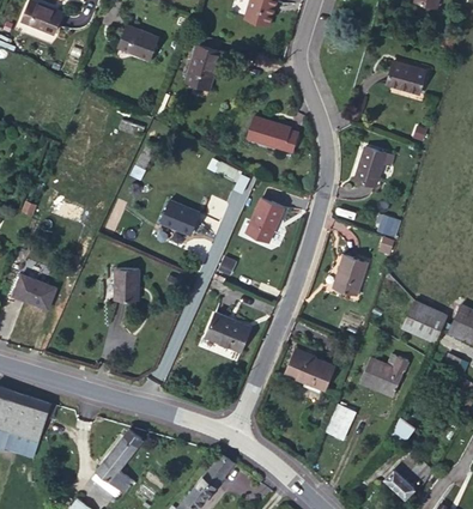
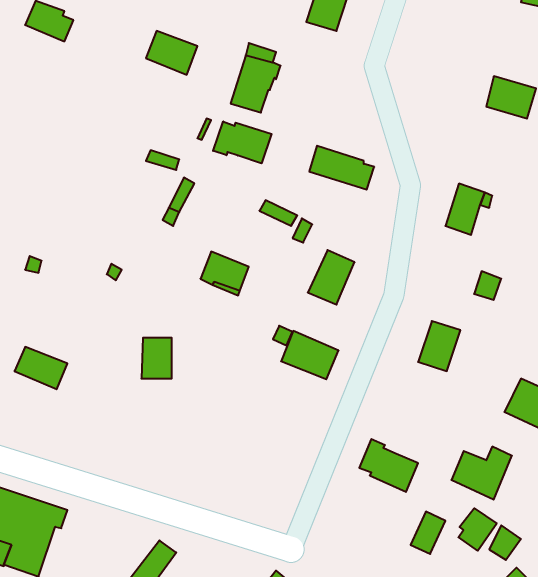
building: none -> [213,121,272,163]
building: [205,313,250,351] -> [281,331,339,379]
building: none -> [458,508,497,551]

